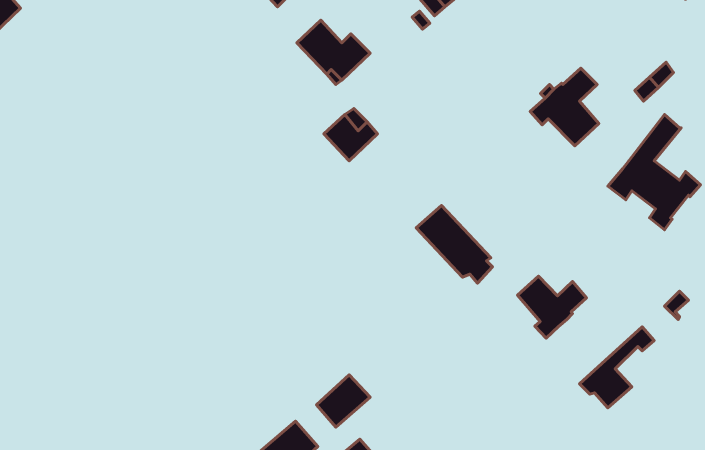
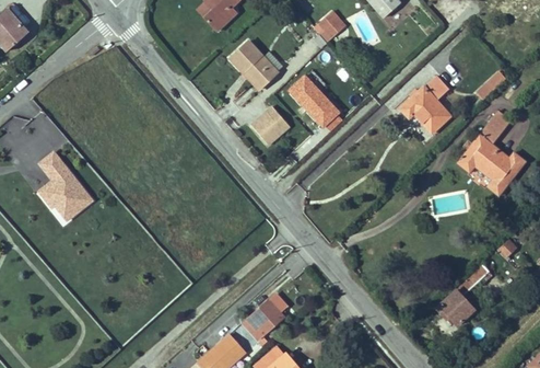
building: none -> [36,149,94,221]
building: [416,205,492,283] -> [286,73,342,130]
building: [518,276,586,338] -> none

